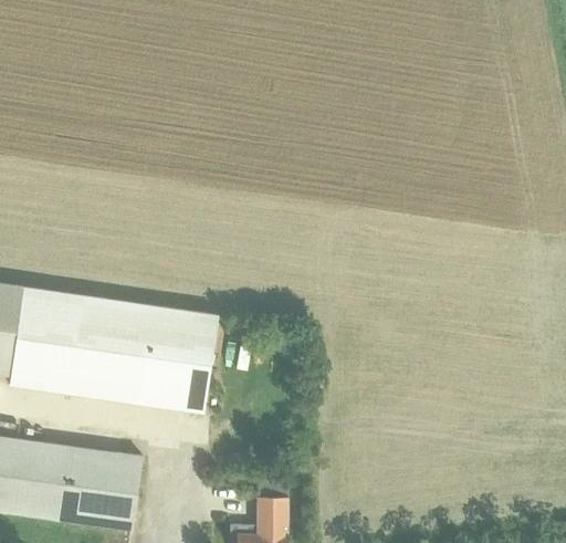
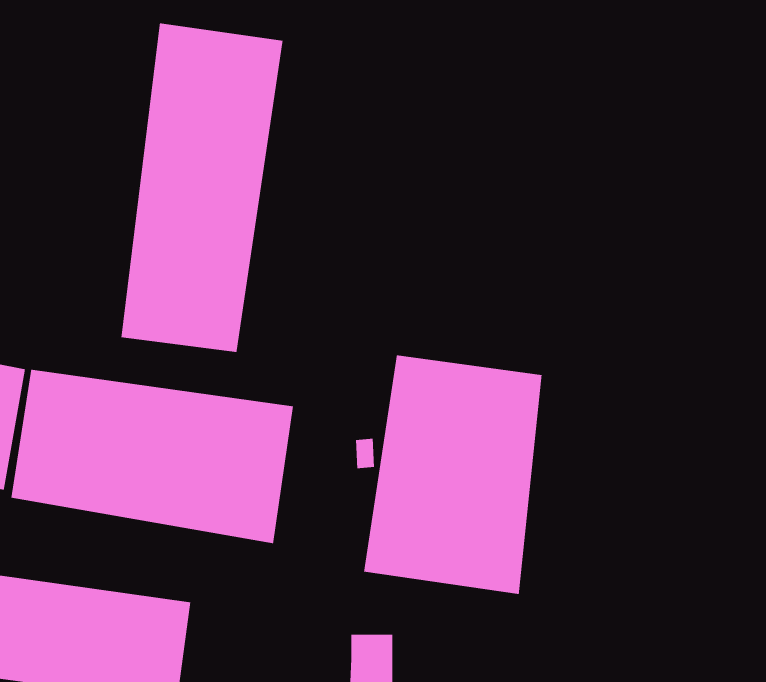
building: none -> [121,22,283,353]
building: none -> [363,354,542,595]

